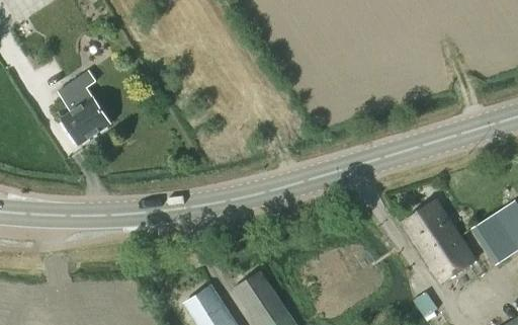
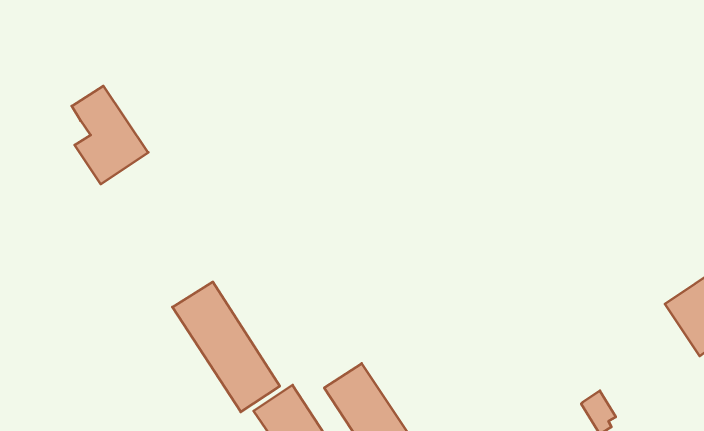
building: [404,200,476,281] -> none
building: none -> [172,282,280,412]

